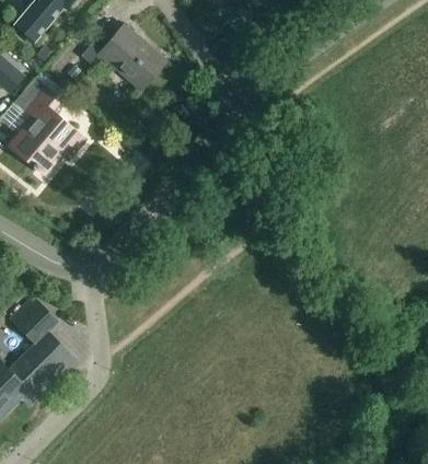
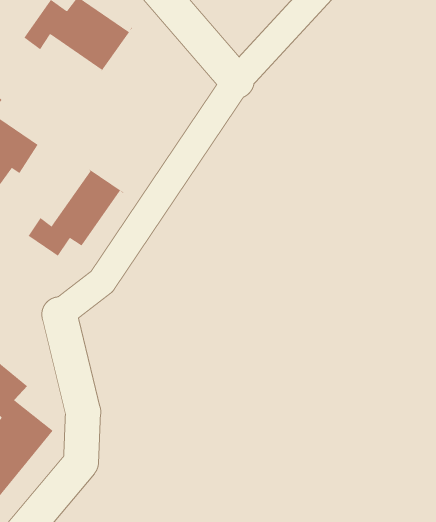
building: none -> [28,168,124,259]

